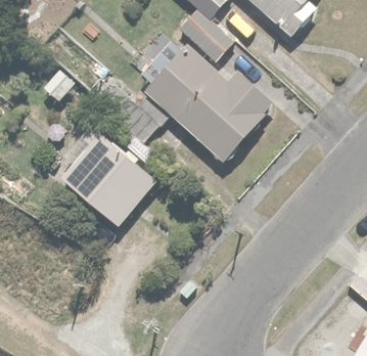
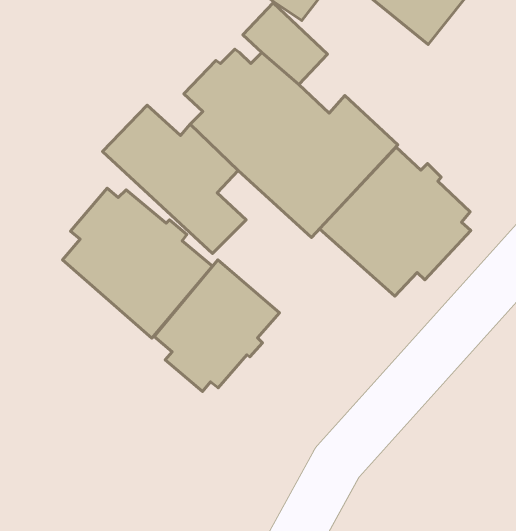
building: none -> [320,147,471,296]
building: none -> [154,260,279,391]

